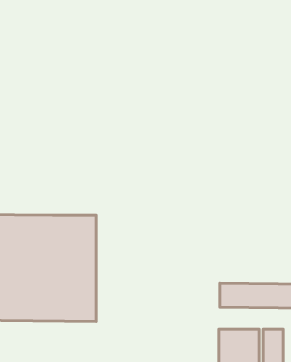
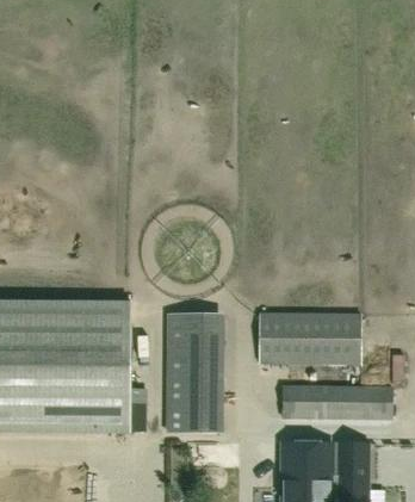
building: none -> [166,311,224,430]
building: none -> [259,312,363,366]

